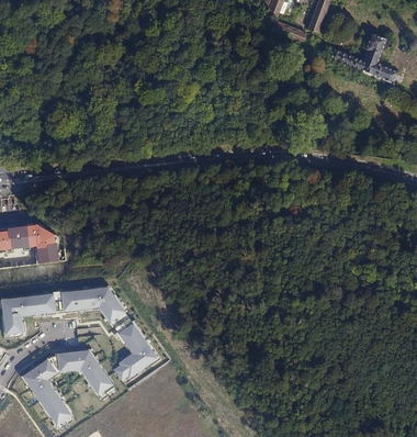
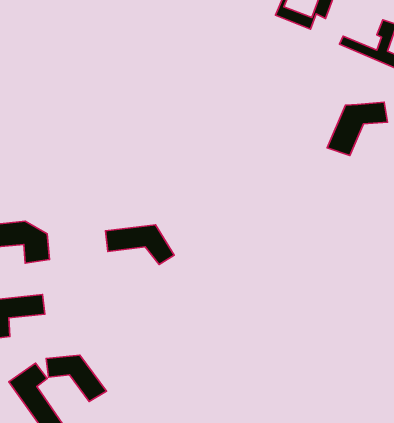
building: none -> [327,102,387,155]
building: [60,285,125,323] -> [106,225,174,264]
building: [113,323,157,381] -> none

